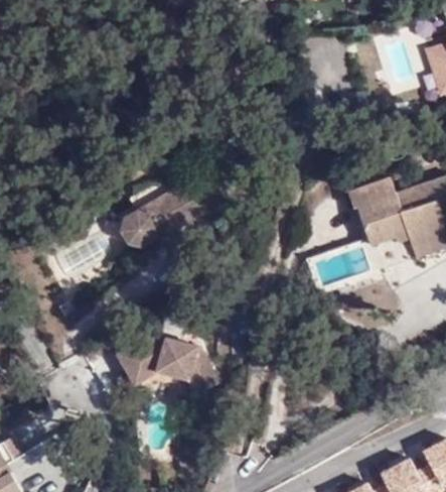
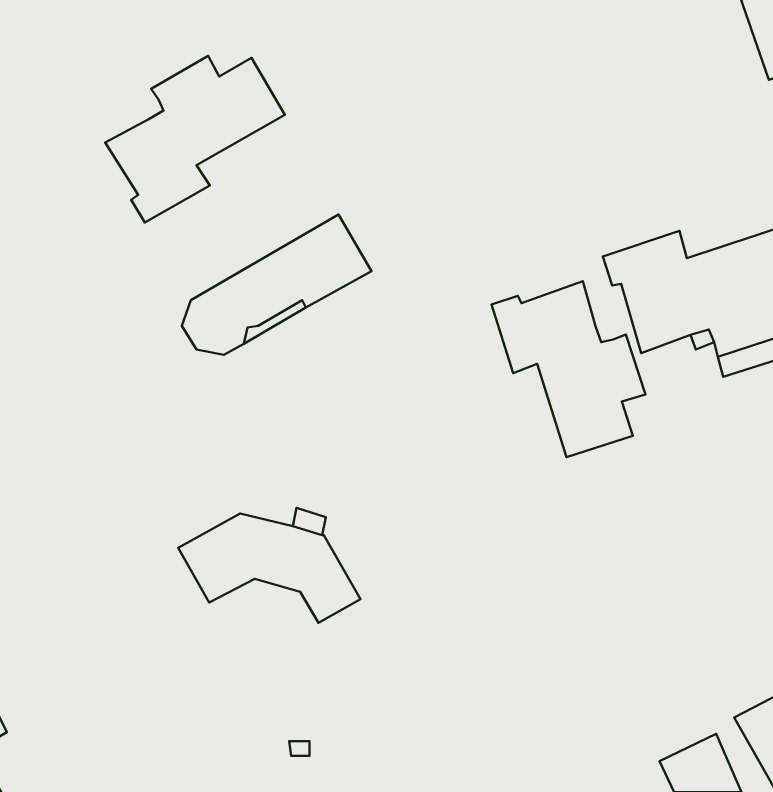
building: none -> [105,56,285,222]
building: none -> [492,281,645,457]

